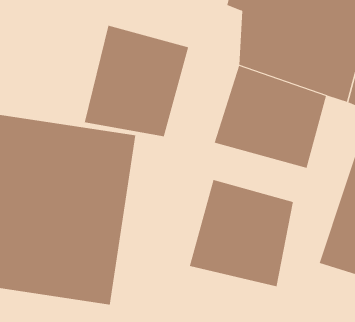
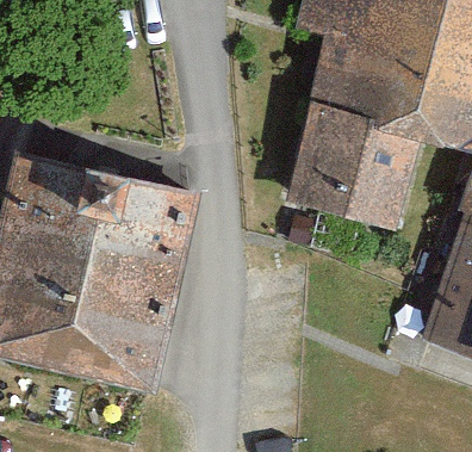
building: [84,25,189,137] -> none
building: [189,179,293,287] -> none

